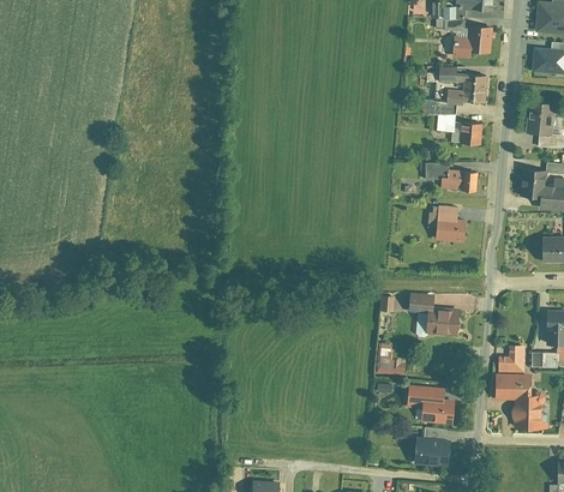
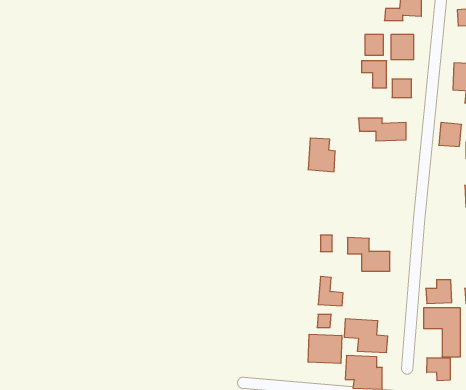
building: [434,203,464,240] -> [308,138,335,172]
building: none -> [308,334,342,363]
building: none -> [427,358,450,381]

